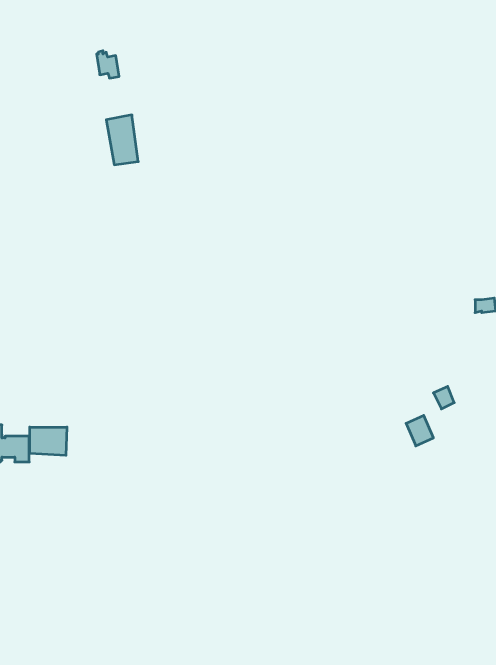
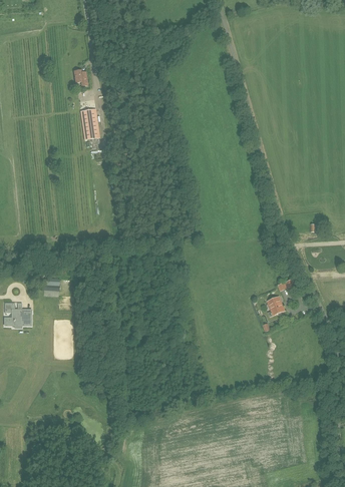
building: [30,427,67,455] -> none

